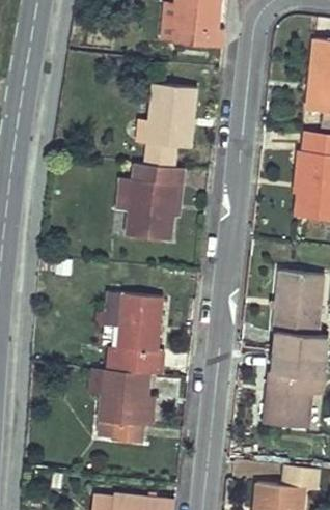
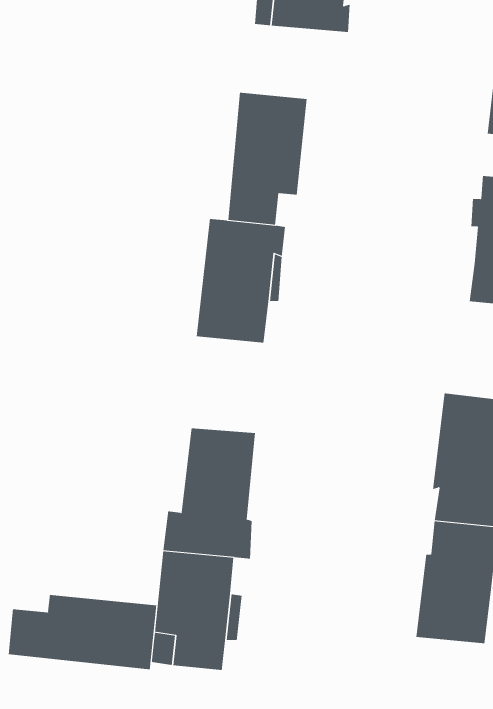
building: none -> [8,594,157,670]

